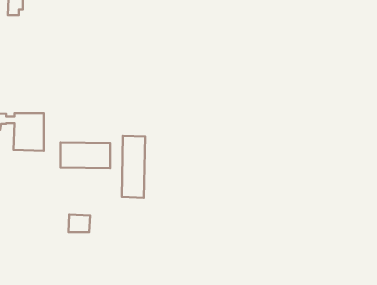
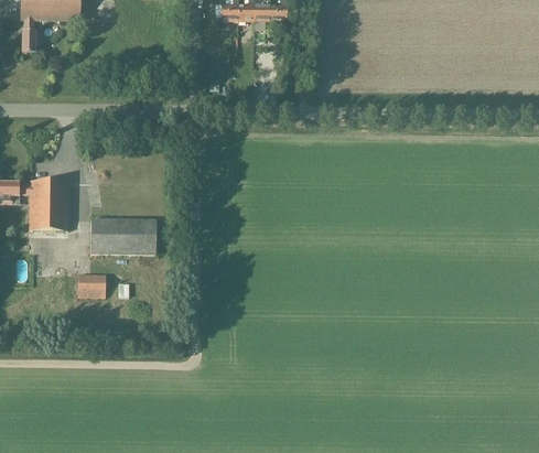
building: [122,136,145,198] -> none
building: [68,215,90,232] -> [77,273,106,296]

